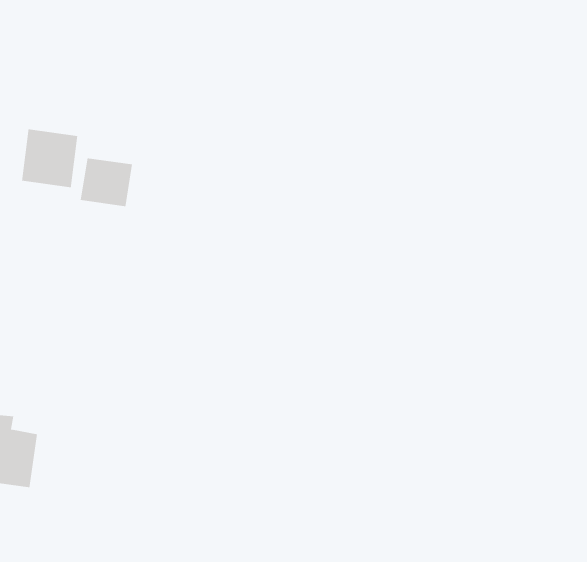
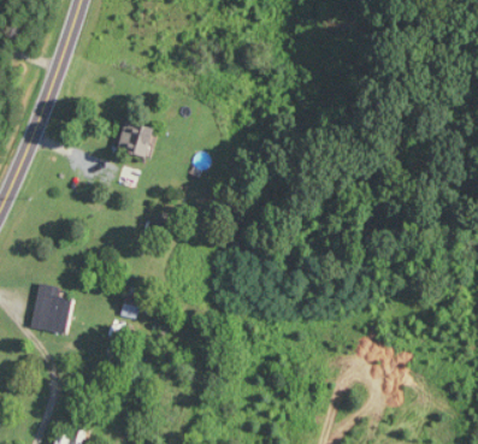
building: [22,128,78,188] -> none

